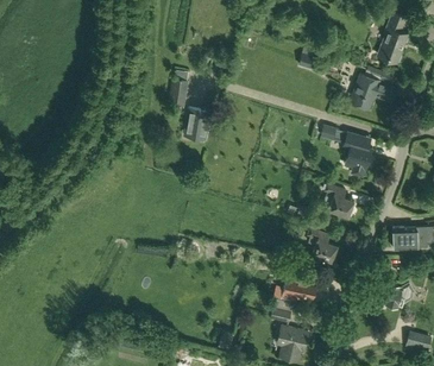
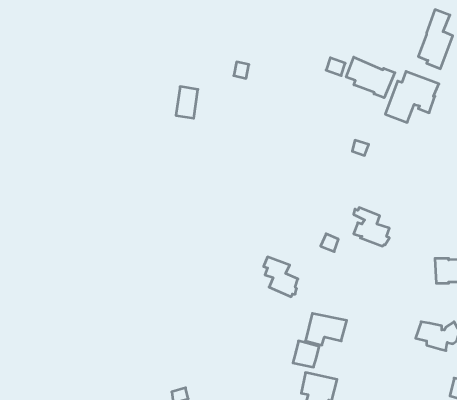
building: none -> [346,57,395,98]
building: [185,107,209,140] -> none
building: [344,131,371,175] -> none
building: [307,226,336,260] -> [264,257,298,297]

